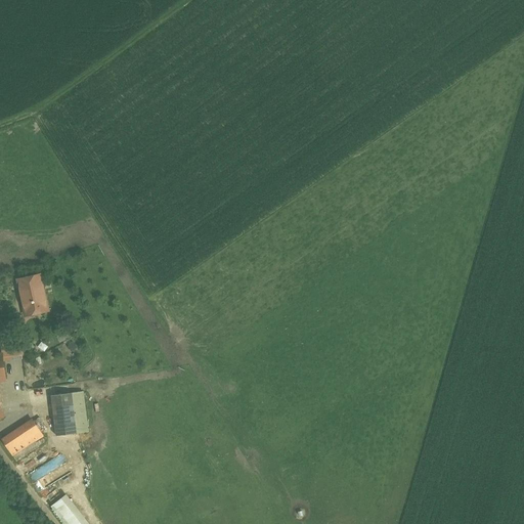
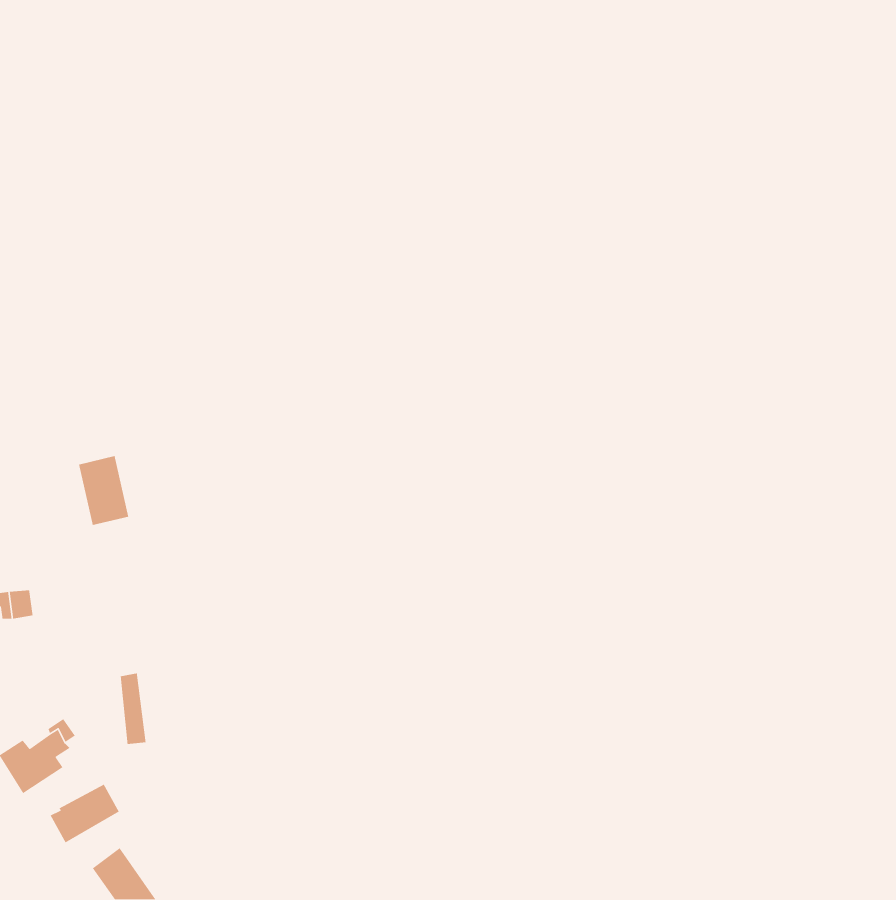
building: [15,273,45,314] -> [78,455,129,526]
building: [49,392,74,435] -> none

